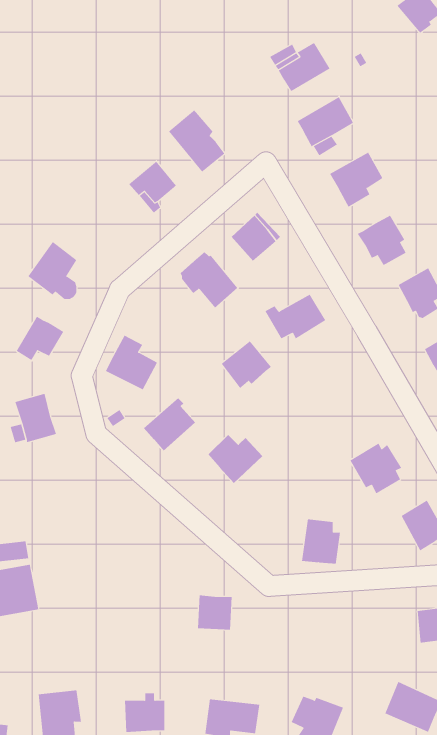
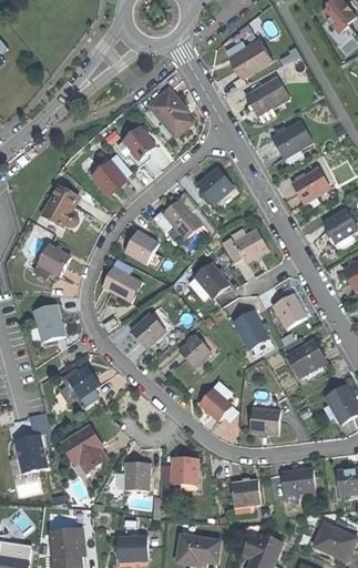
building: none -> [92,161,125,194]
building: none -> [125,231,157,263]
building: none -> [273,286,306,328]
building: none -> [233,310,268,348]
building: none -> [67,365,99,397]
building: none -> [198,387,232,420]
building: none -> [60,426,106,470]
building: none -> [124,463,149,490]
building: none -> [282,468,314,499]
building: none -> [231,479,259,513]

